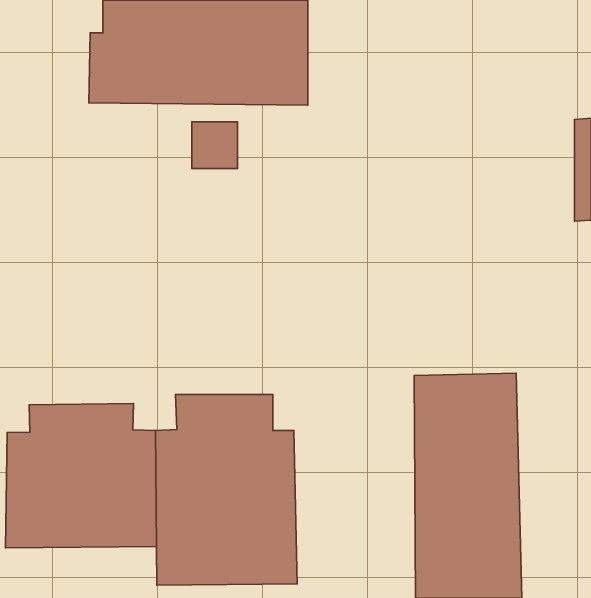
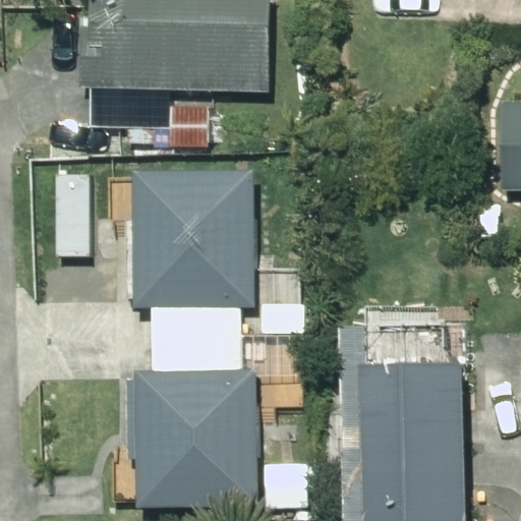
building: none -> [132,173,253,342]
building: [6,403,157,548] -> none

